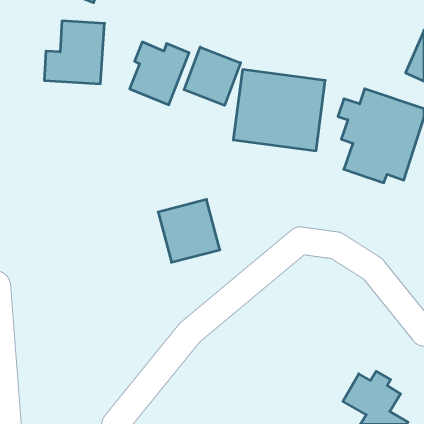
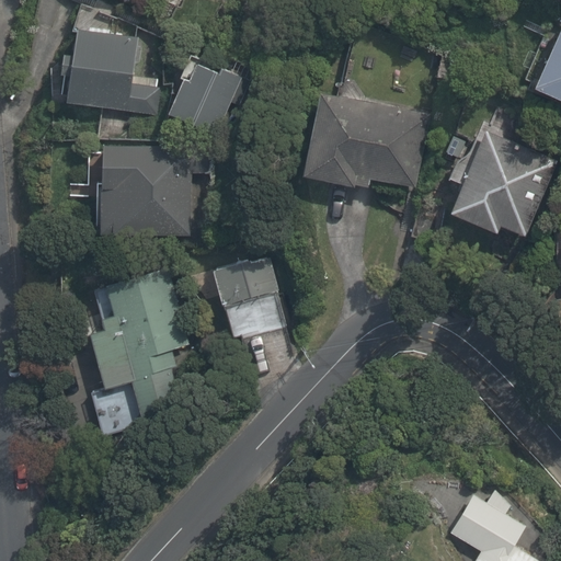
building: [184,47,241,105] -> none
building: none -> [95,139,194,241]
building: none -> [83,254,175,437]

